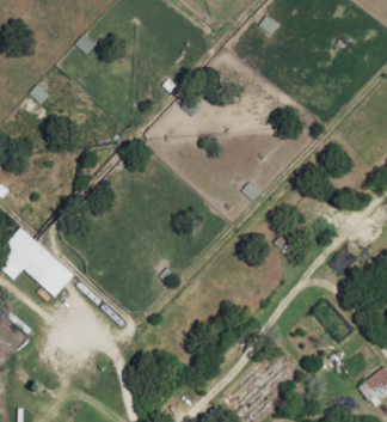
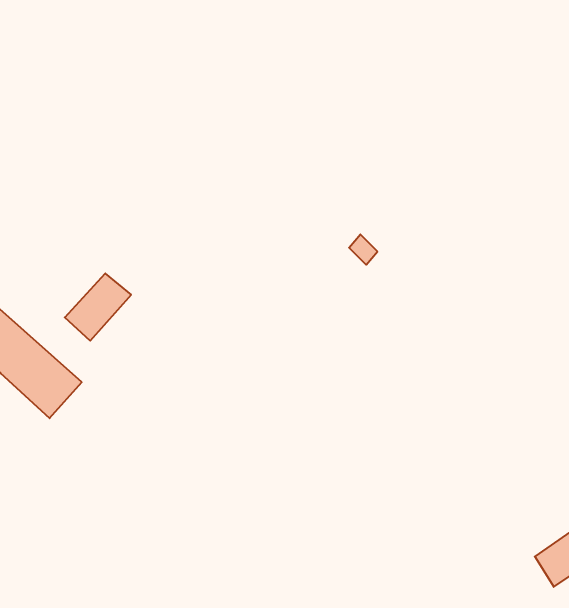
building: none -> [65,273,131,341]

